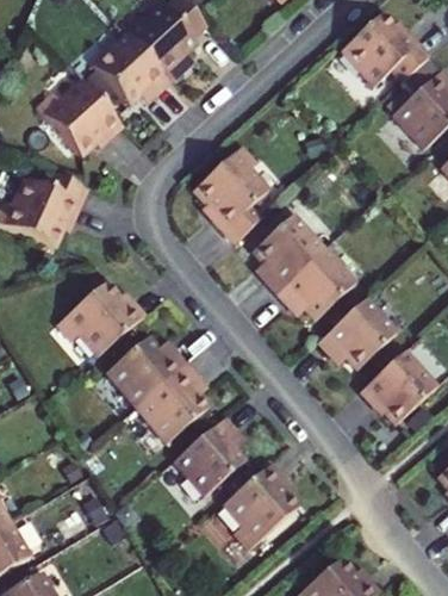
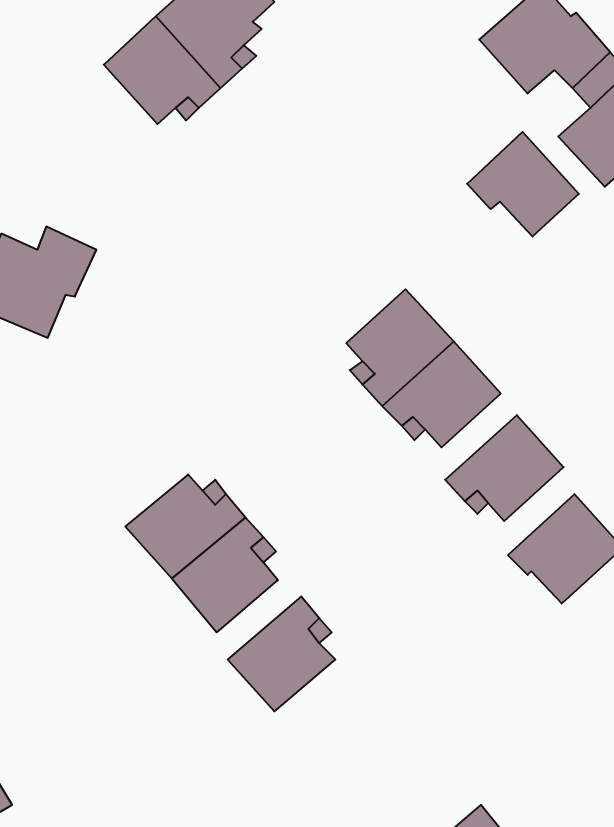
building: [37,80,122,155] -> none
building: none -> [467,132,579,237]
building: [193,145,269,242] -> none
building: [57,280,144,355] -> none
building: [223,464,299,548] -> none

